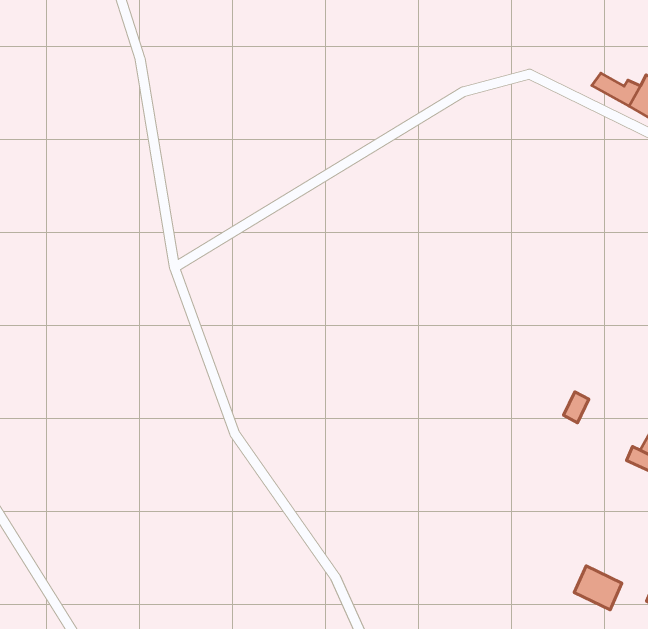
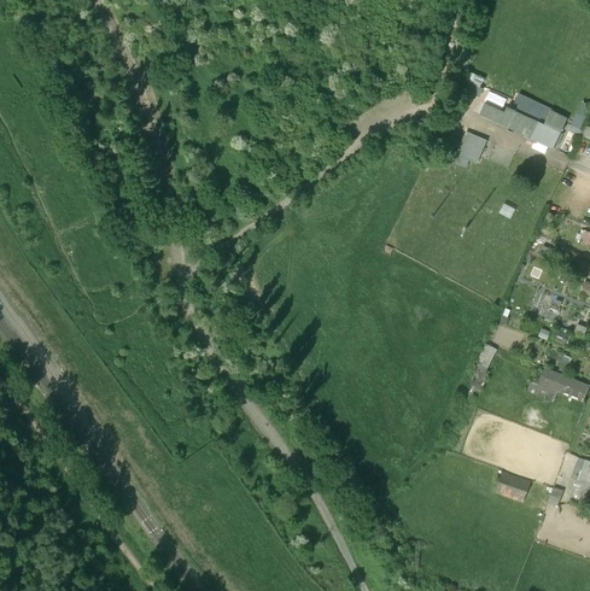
building: none -> [452,130,486,166]

